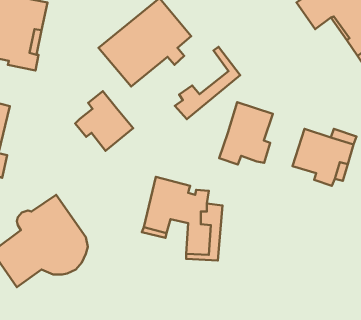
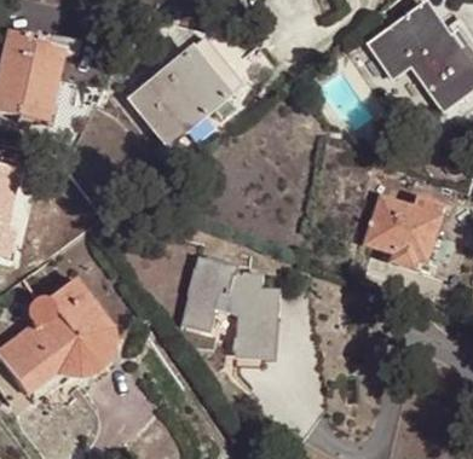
building: [175,47,240,119] -> none
building: [75,91,133,151] -> none
building: [219,102,273,165] -> none

